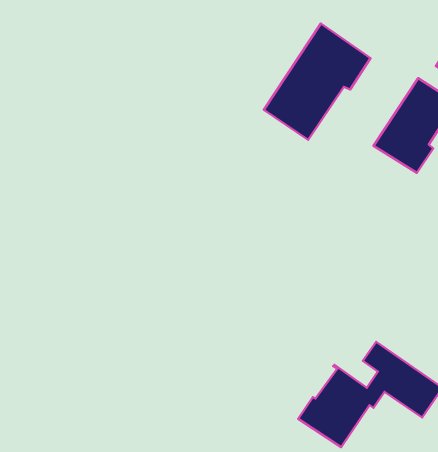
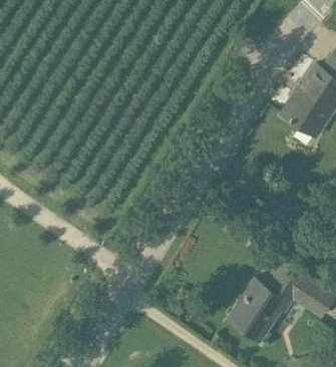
building: [264,23,370,140] -> none

